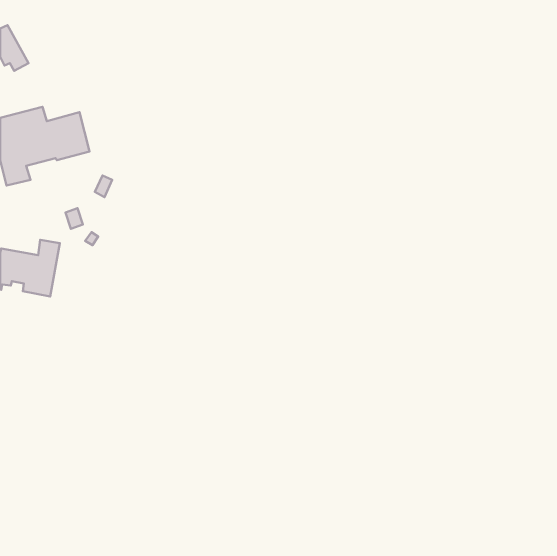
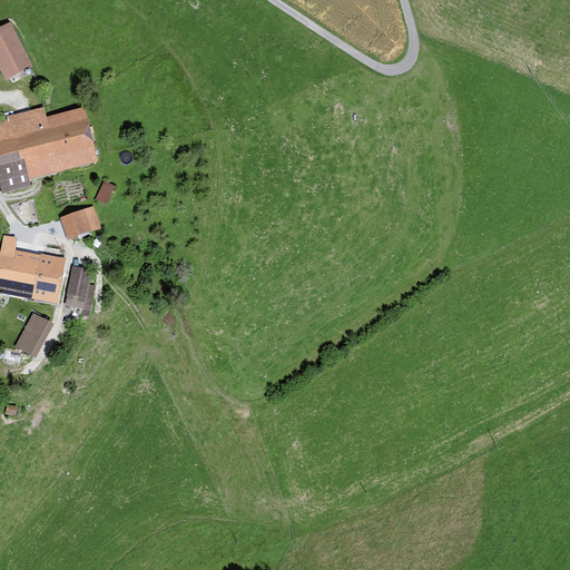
building: none -> [71,268,94,305]
building: none -> [17,314,49,354]

